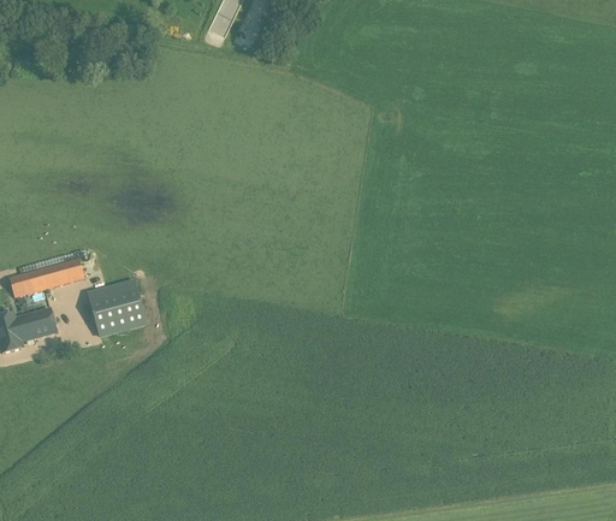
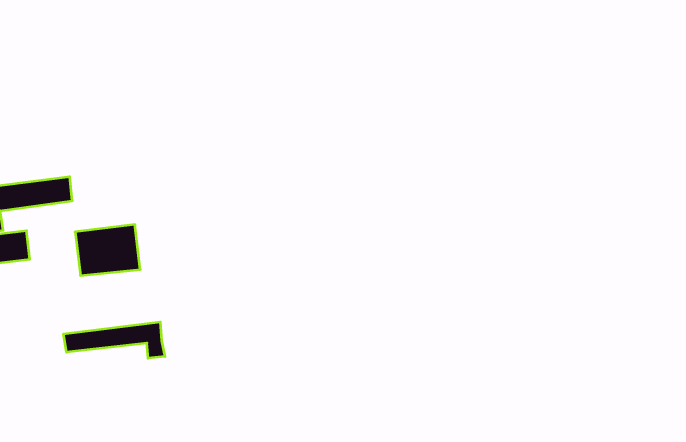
building: none -> [64,322,165,358]

